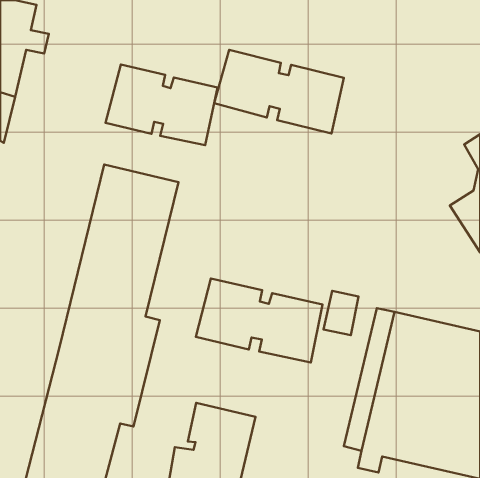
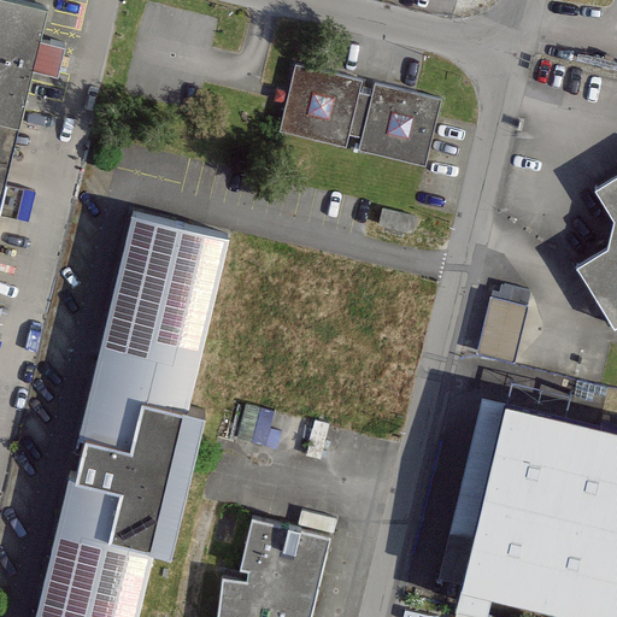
building: [106,64,218,145] -> none
building: [196,278,323,362] -> none
building: [324,291,358,335] -> [480,301,524,358]

